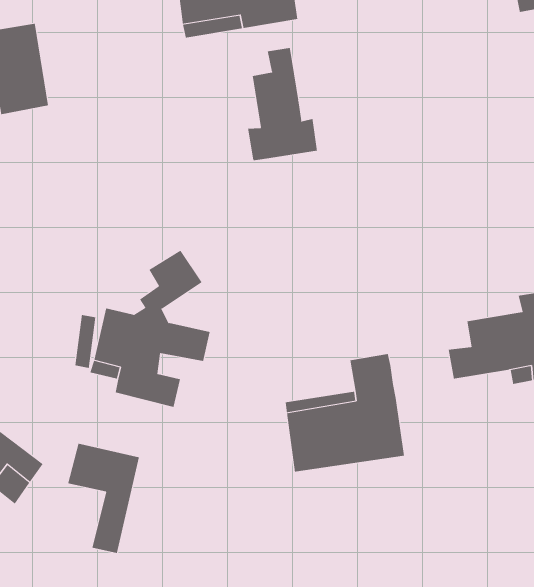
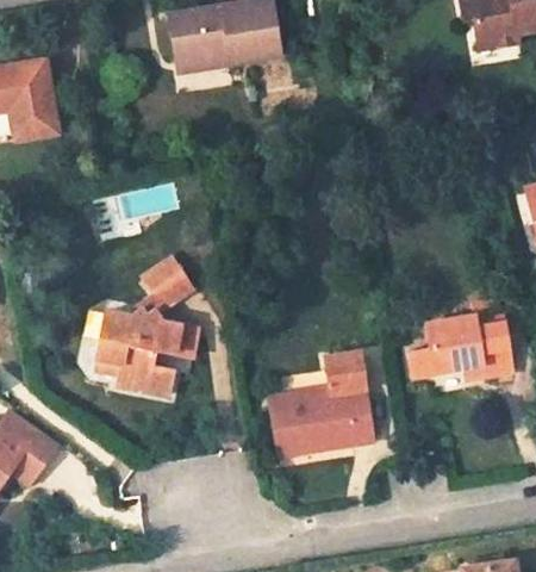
building: [248,47,317,161] -> none
building: [67,443,139,554] -> none

